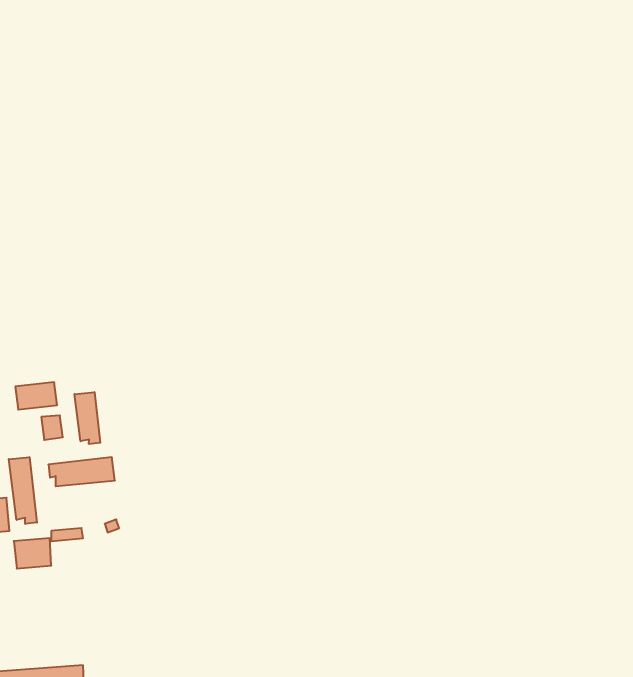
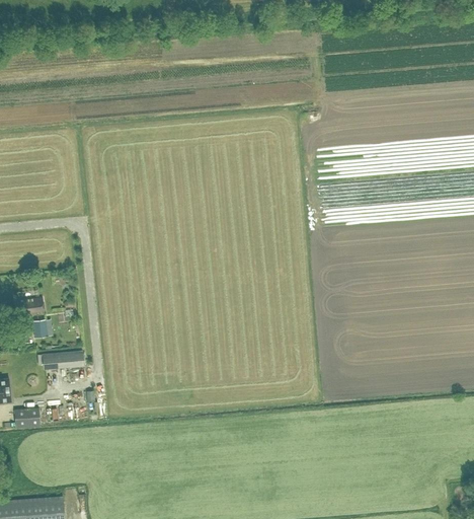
building: [74,392,100,444] -> none
building: [9,457,37,524] -> none

